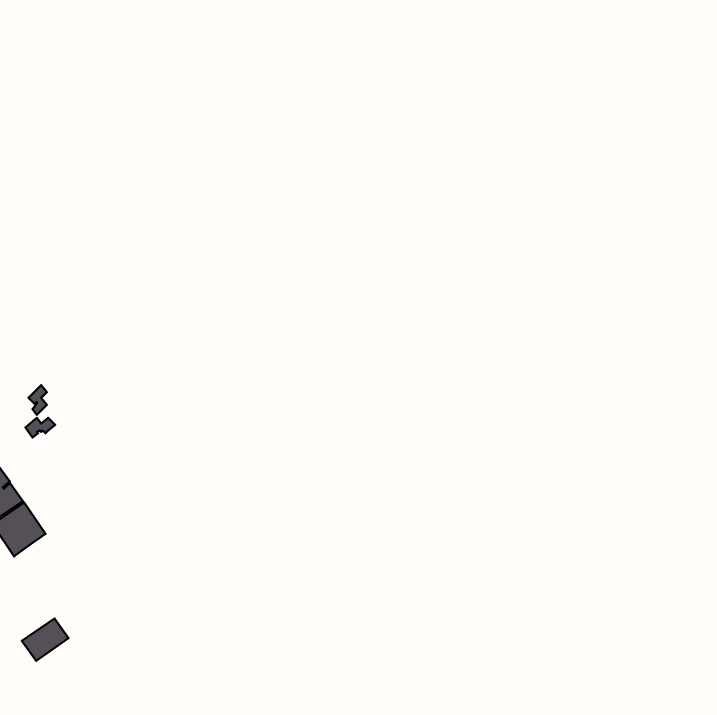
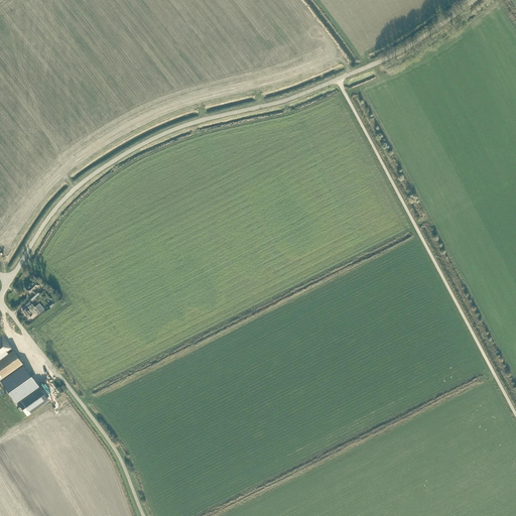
building: [22,618,69,661] -> [10,380,43,410]

